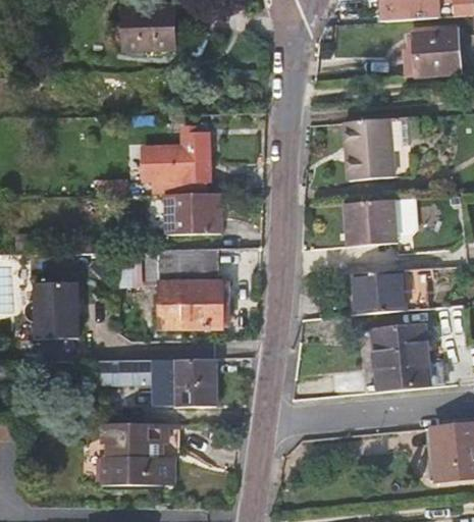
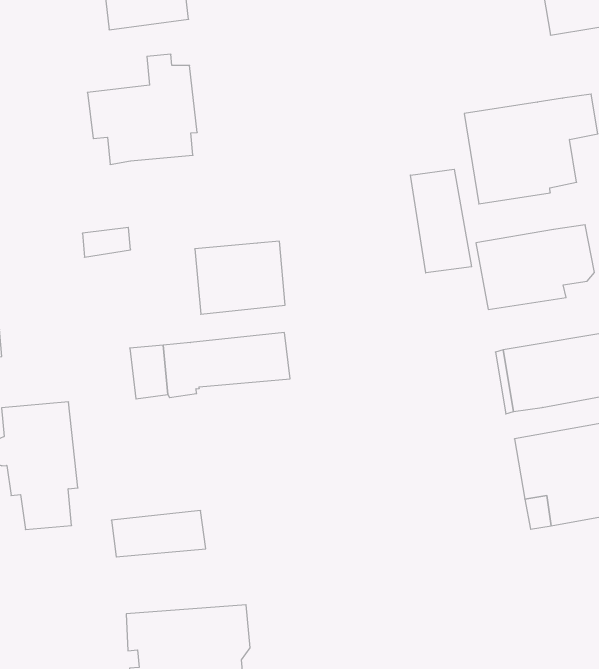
building: [143,127,210,194] -> [87,54,197,164]
building: none -> [410,169,472,273]
building: [159,280,223,325] -> none
building: [155,357,217,406] -> none

